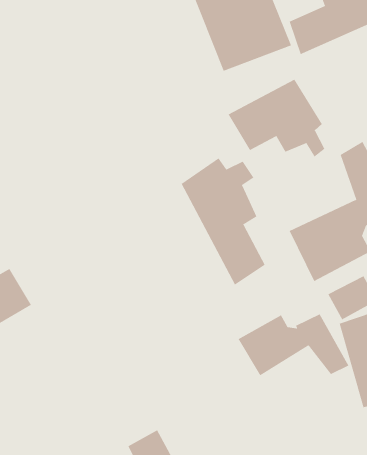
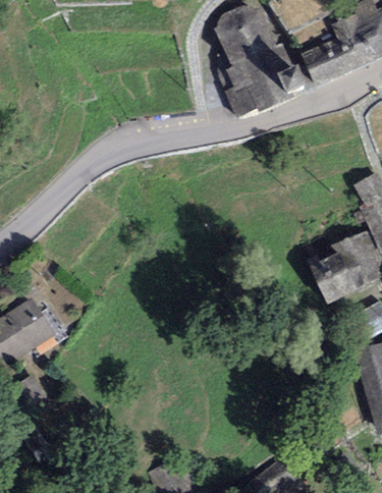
building: [228,79,325,158] -> none
building: [181,157,266,285] -> none
building: [238,314,349,376] -> none

